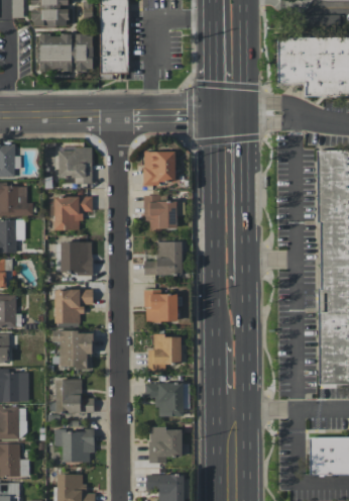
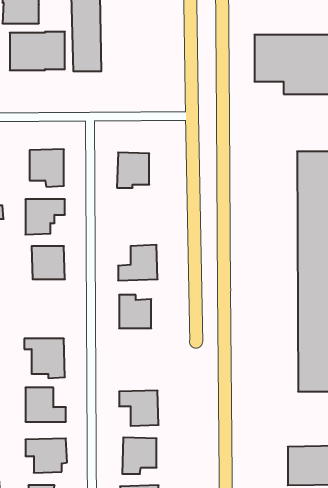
building: [144,196,177,229] -> none
building: [54,290,93,324] -> none
building: [148,336,182,370] -> none

